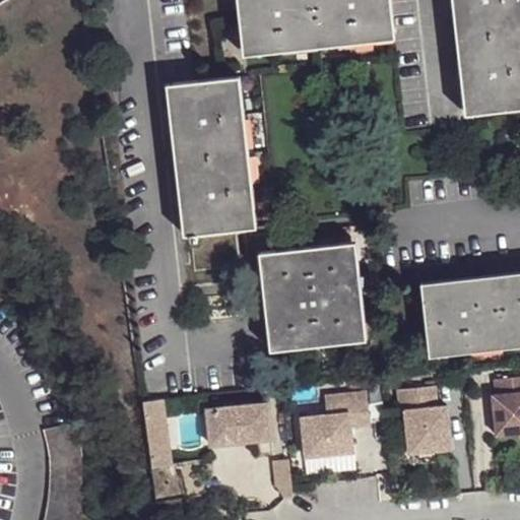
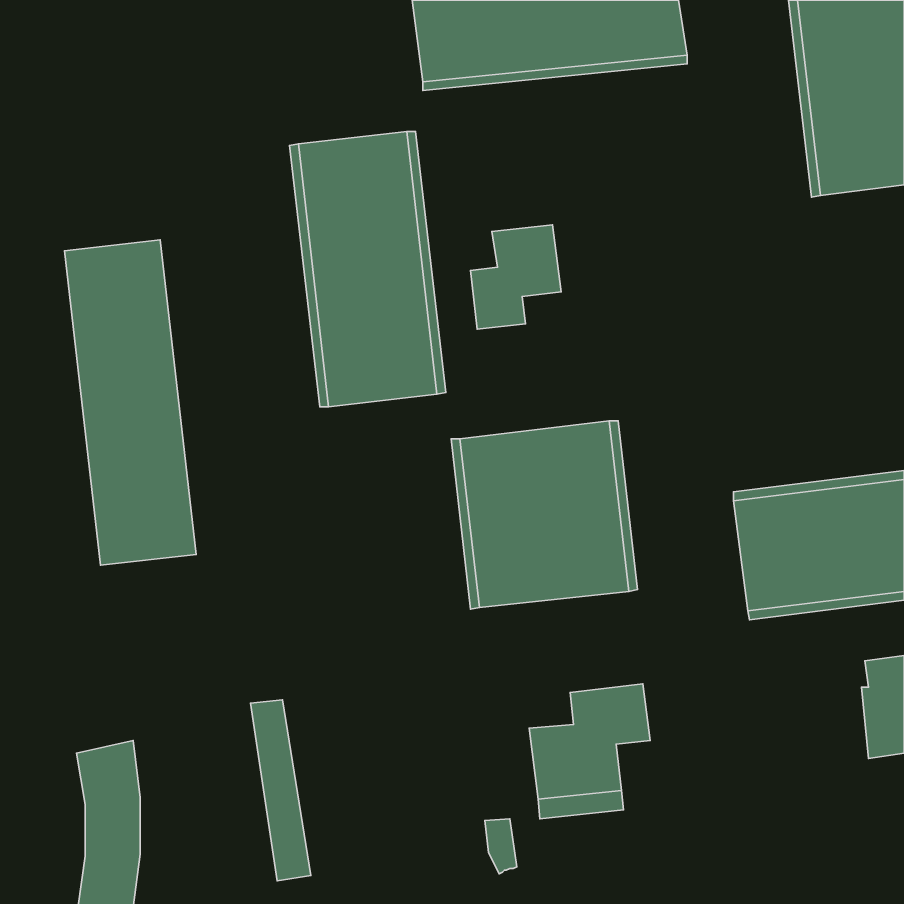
building: none -> [470,225,561,329]
building: none -> [65,240,196,565]
building: [398,387,453,454] -> none
building: [208,406,274,458] -> none

